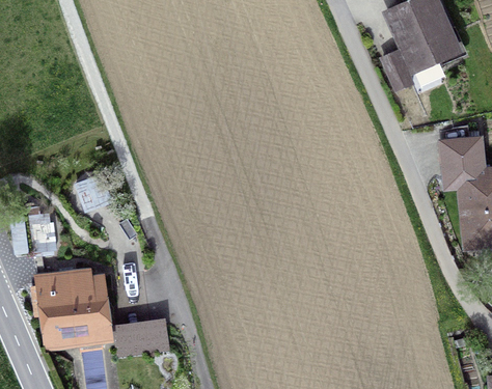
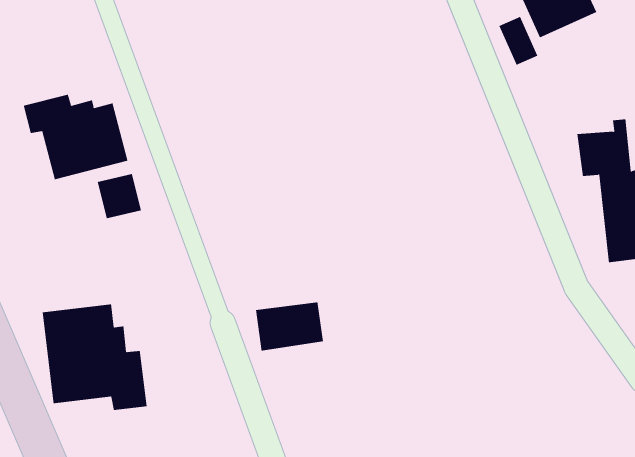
building: none -> [23,94,128,180]
building: [118,317,170,355] -> [255,302,324,351]

